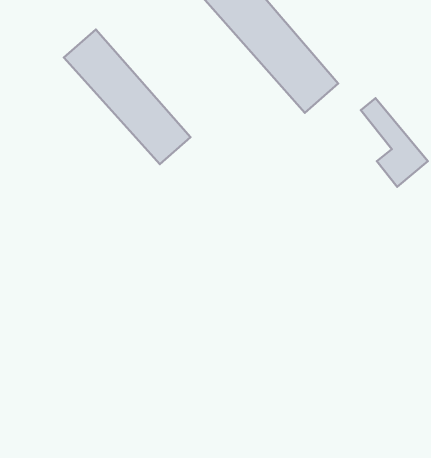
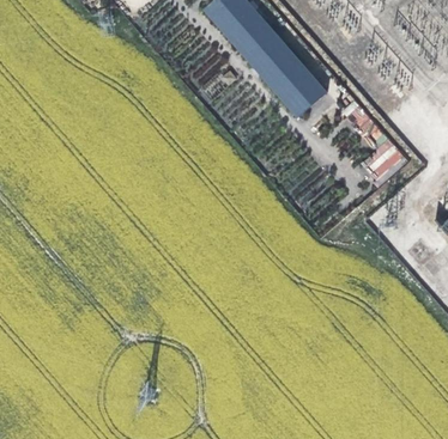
building: [64,30,190,164] -> none

